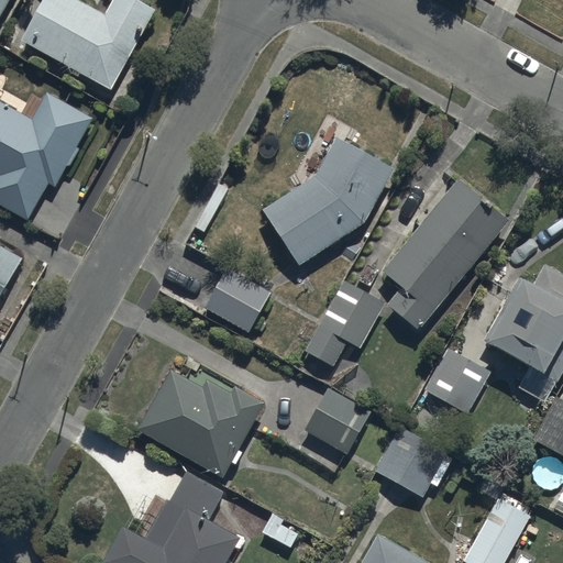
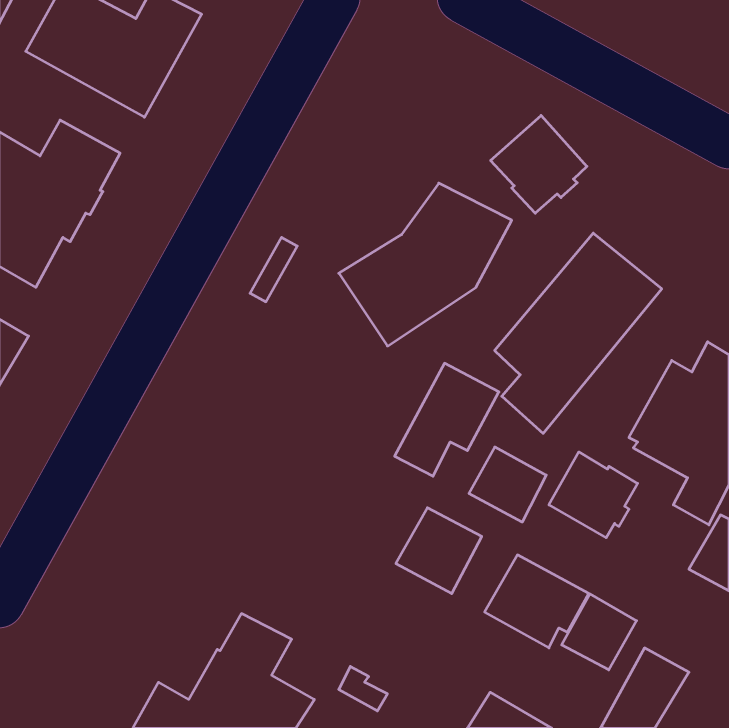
building: none -> [491,115,587,213]
building: [199,265,273,336] -> none
building: none -> [469,447,546,522]
building: [137,369,266,478] -> none
building: none -> [562,594,637,670]

